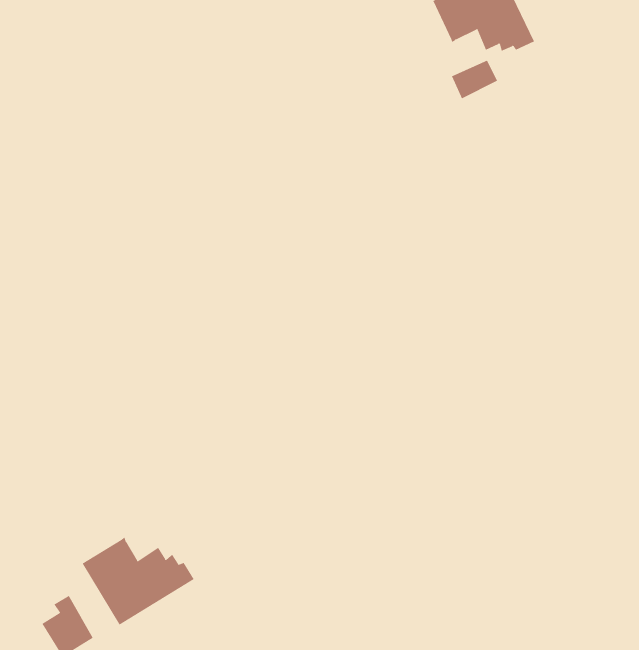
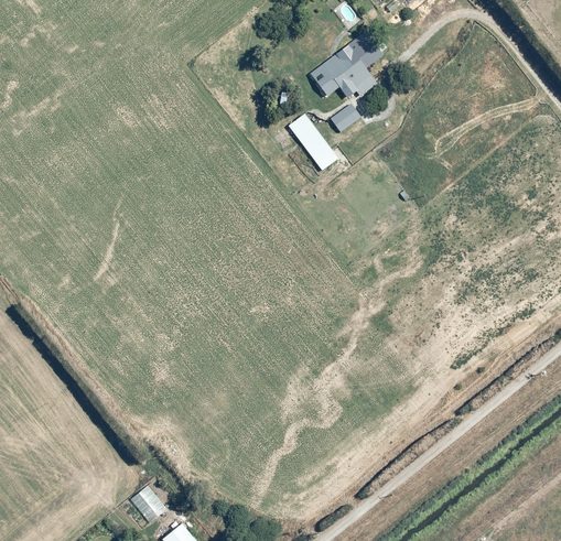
building: none -> [288,112,339,171]
building: [82,536,195,625] -> none

